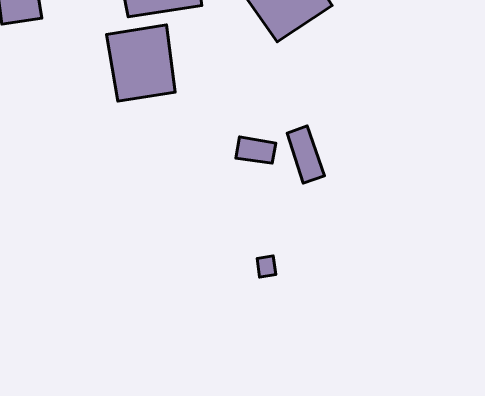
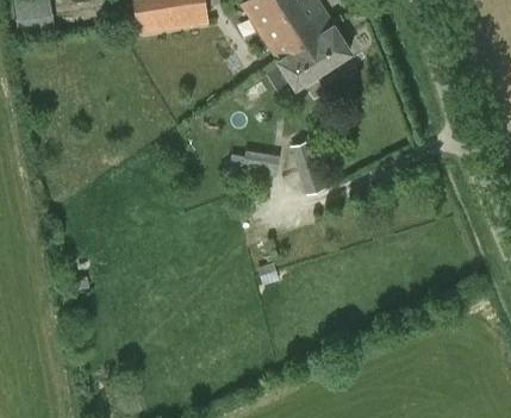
building: none -> [278,25,350,87]
building: [106,25,175,101] -> none

